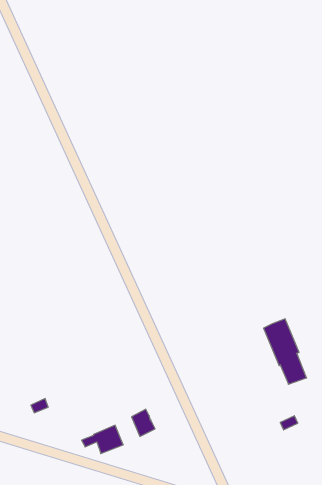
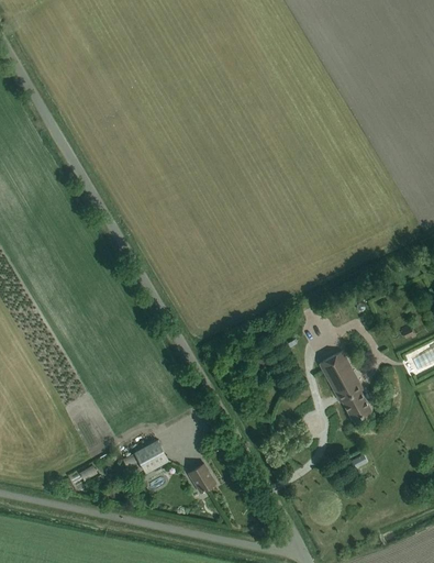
building: [82,425,123,454] -> [123,440,168,472]

